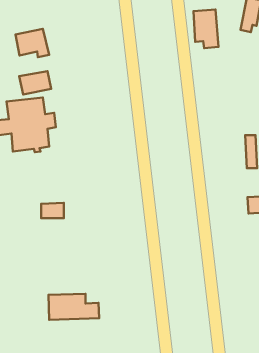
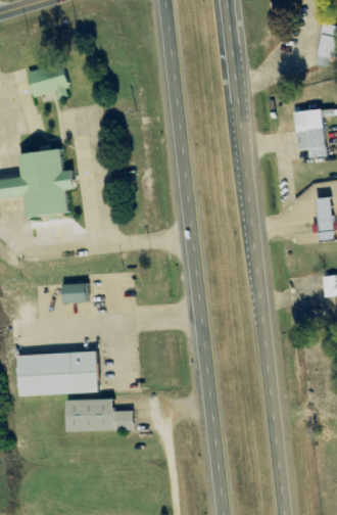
building: [194,10,219,48] -> [295,108,327,157]
building: [19,71,51,95] -> none
building: none -> [19,350,101,395]

